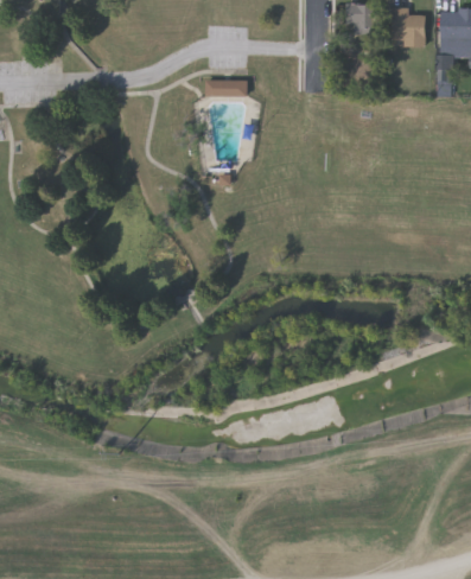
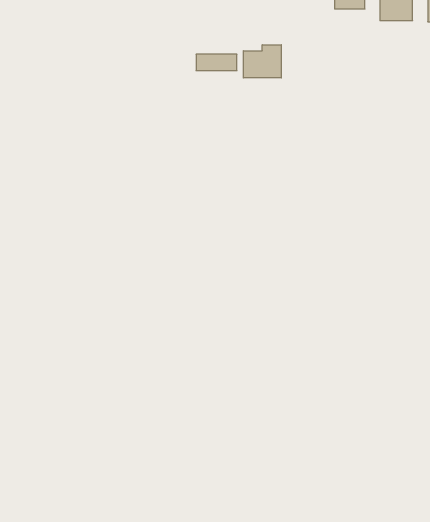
building: none -> [243,45,281,78]

